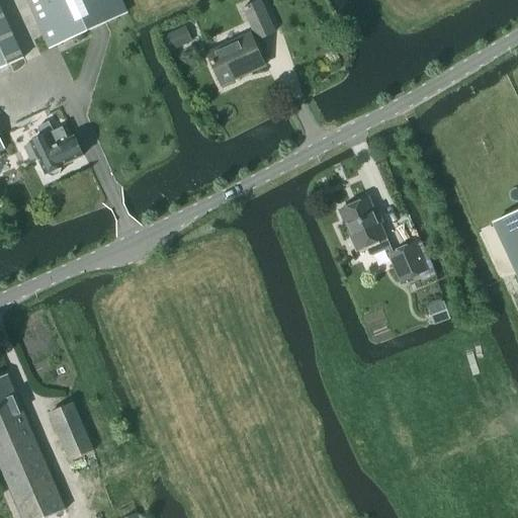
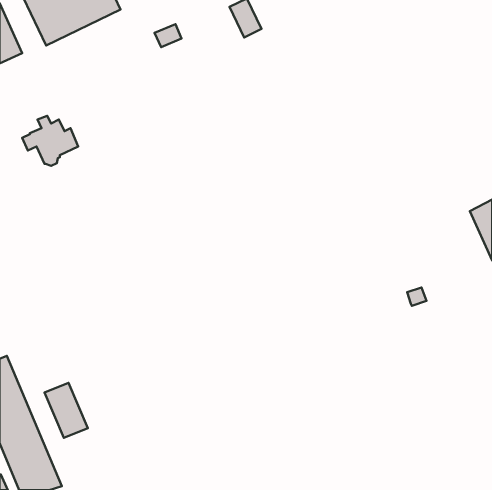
building: [205,32,262,83] -> none
building: [337,196,388,253] -> none
building: [386,241,426,280] -> none

